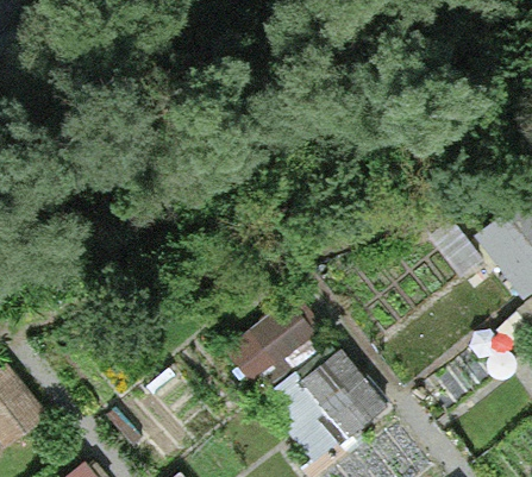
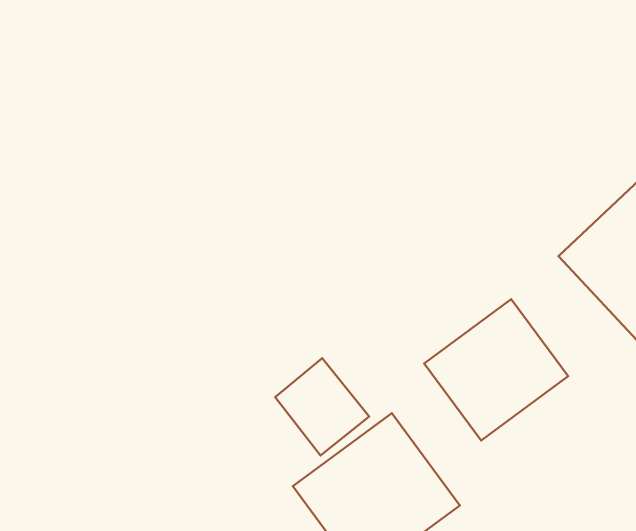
building: none -> [424,299,568,441]

